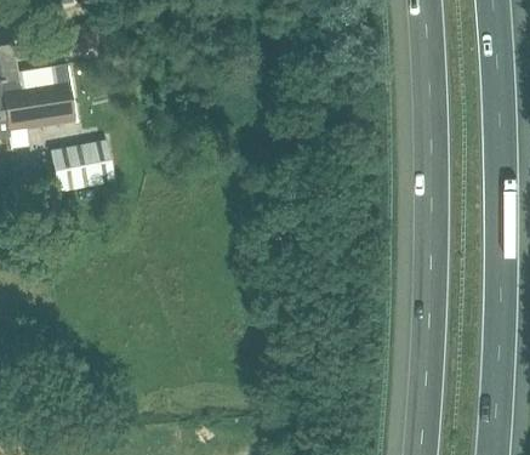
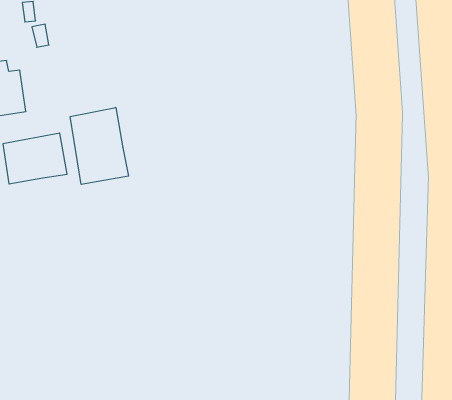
building: none -> [70,107,129,184]

